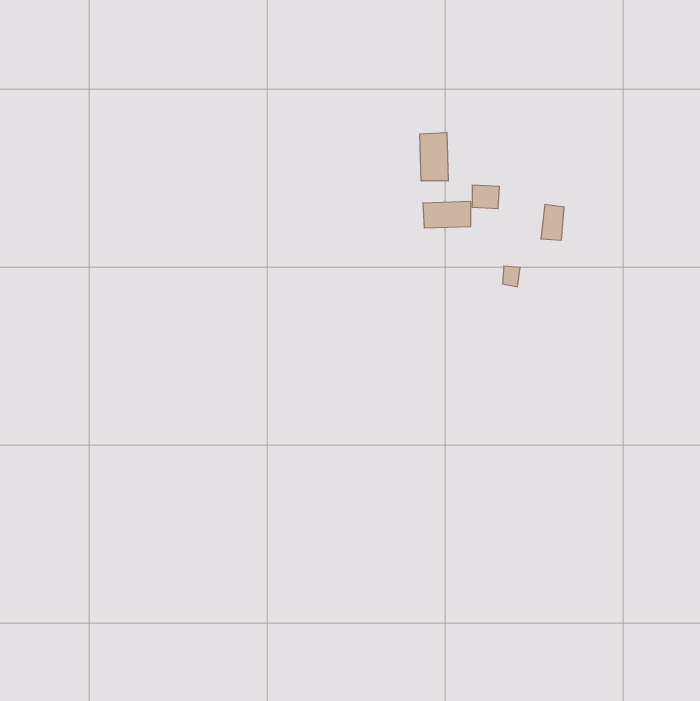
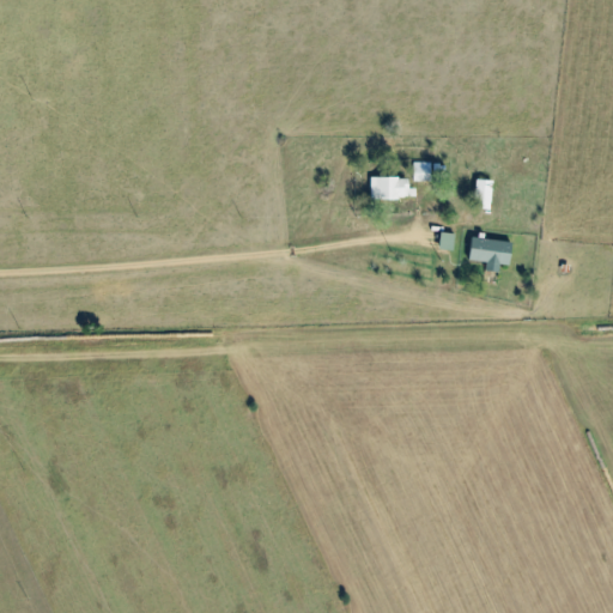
building: [420,132,448,181] -> none
building: none -> [468,237,511,271]

